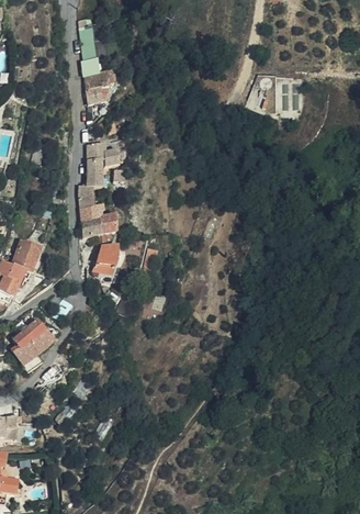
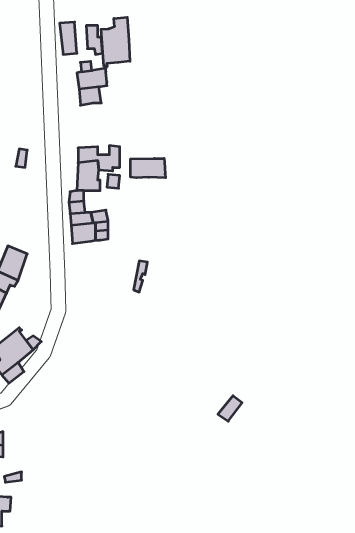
building: none -> [101,17,130,66]
building: none -> [131,158,166,178]
building: [93,246,116,280] -> none

